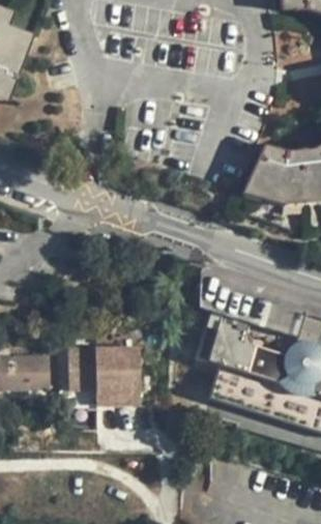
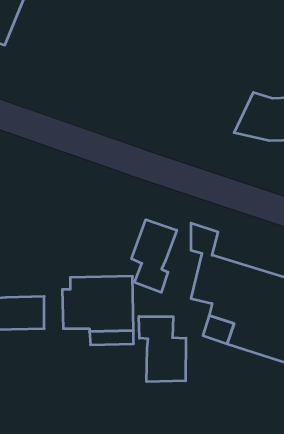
building: none -> [132,220,177,292]
building: none -> [139,316,186,382]

